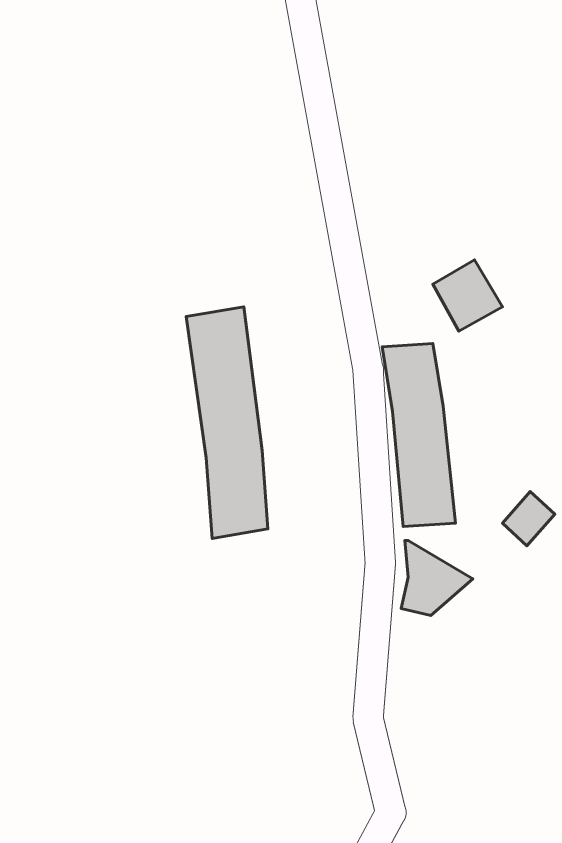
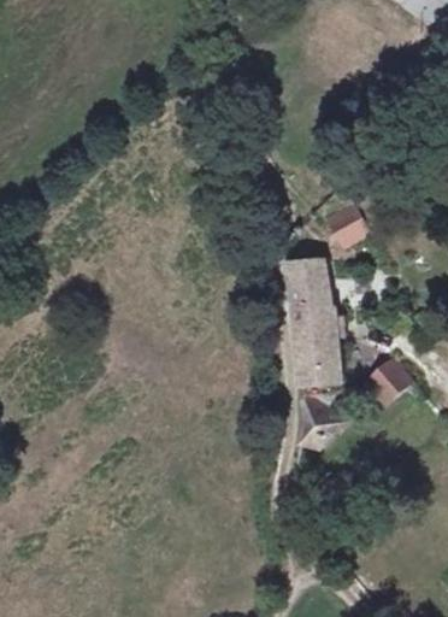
building: [186,307,268,538] -> none

